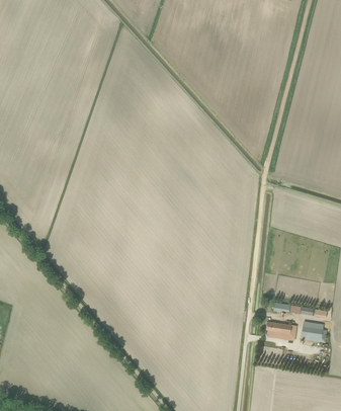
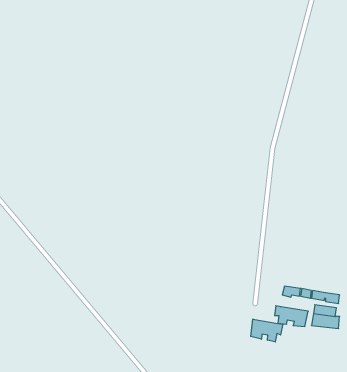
building: none -> [251,319,283,342]

